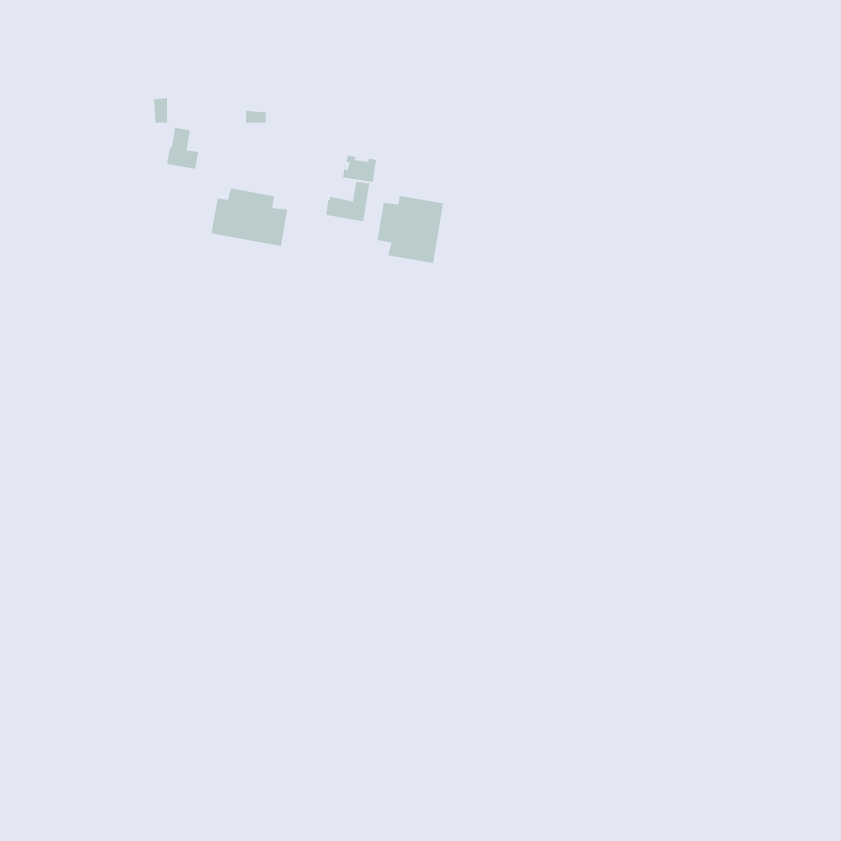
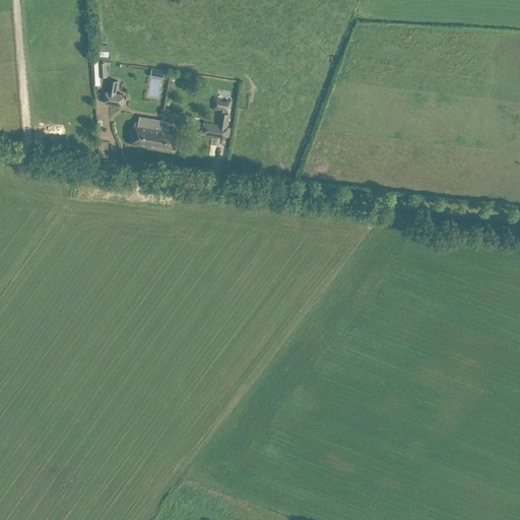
building: [377,195,444,264] -> none

